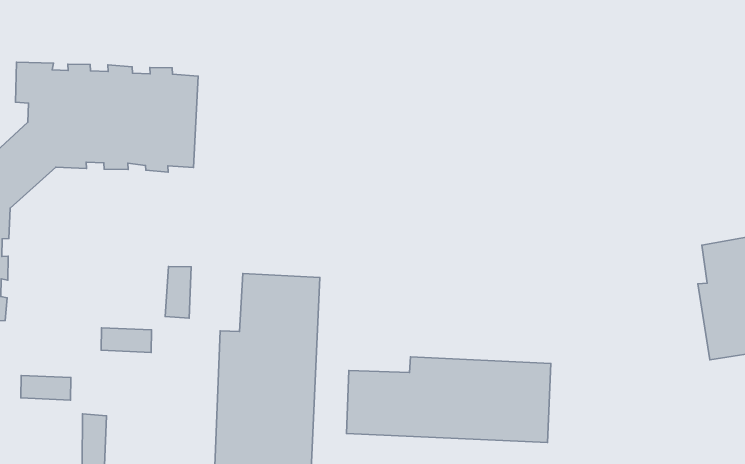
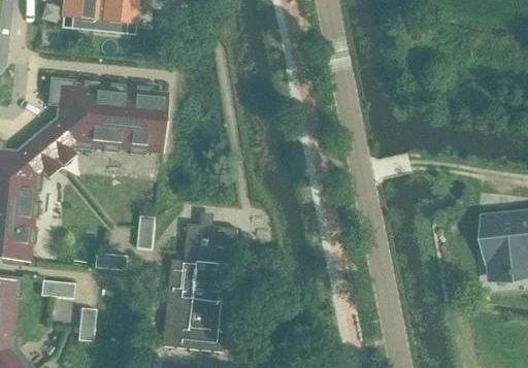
building: [346,357,551,442] -> none

